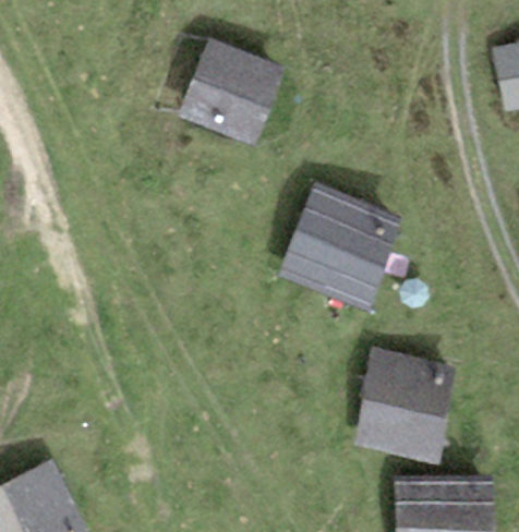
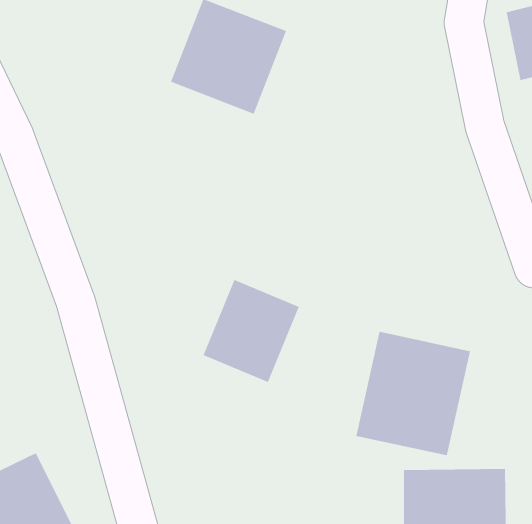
building: [278,183,405,310] -> none
building: none -> [203,279,300,383]

